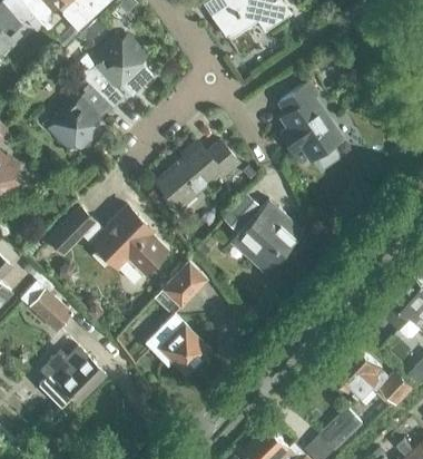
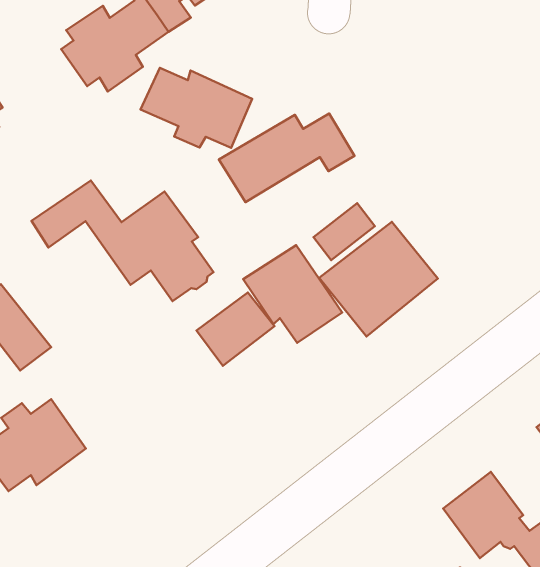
building: [278,81,342,170] -> none
building: none -> [141,68,252,148]
building: [145,313,209,373] -> [243,245,342,343]

